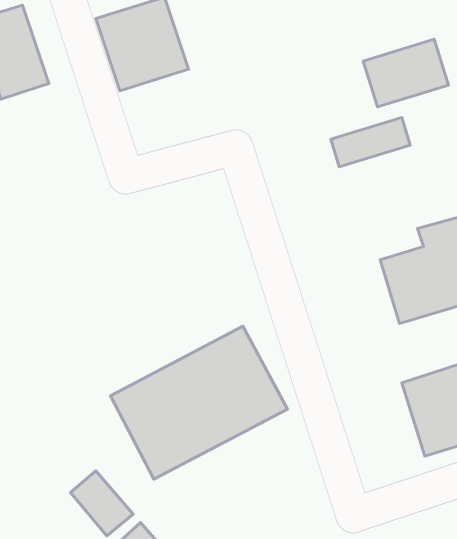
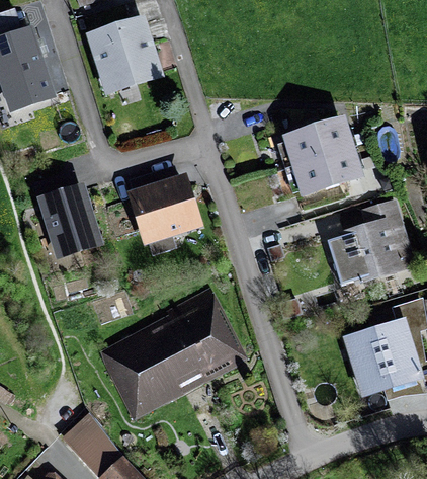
building: [363,39,449,107] -> [290,139,362,195]
building: none -> [127,173,204,246]
building: none -> [37,182,102,257]

